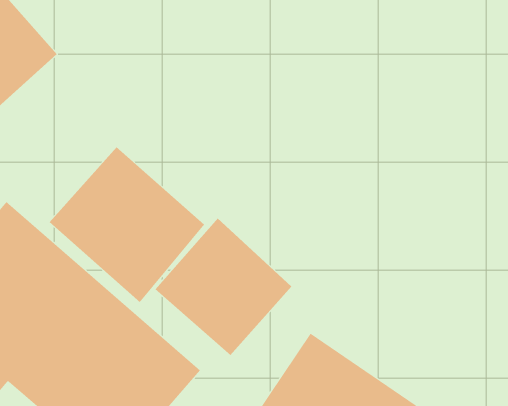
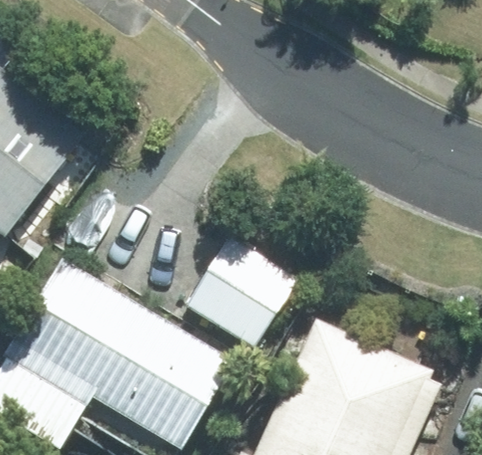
building: [49,147,205,303] -> none

